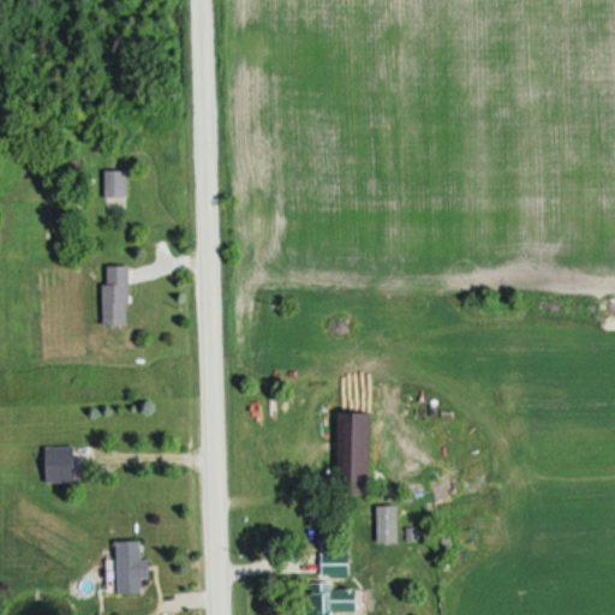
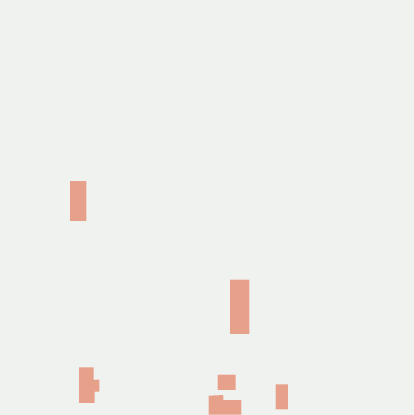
building: [103,172,125,198] -> none
building: [44,447,73,483] -> none
building: [376,506,396,544] -> [275,384,289,410]

